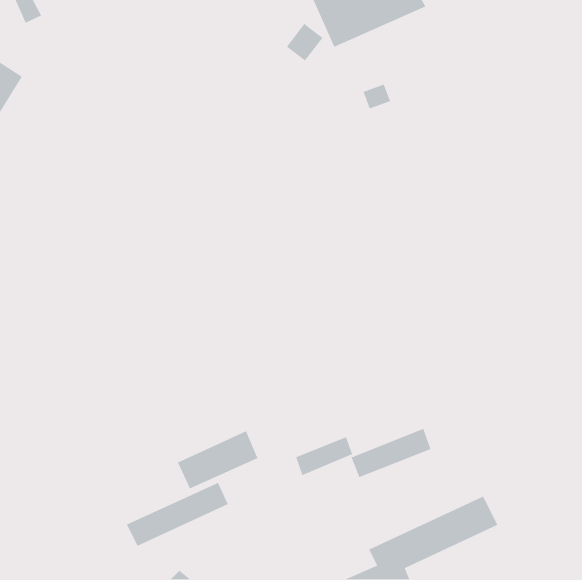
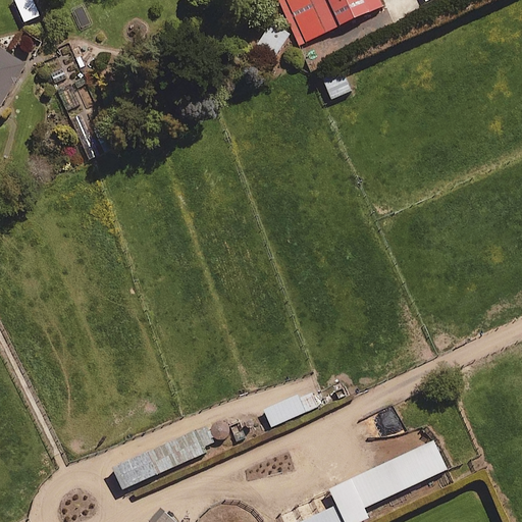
building: [350,428,432,478] -> none
building: [177,430,259,489] -> none

